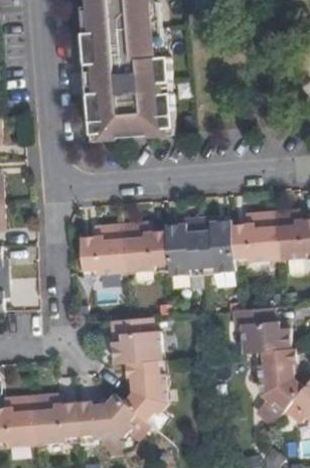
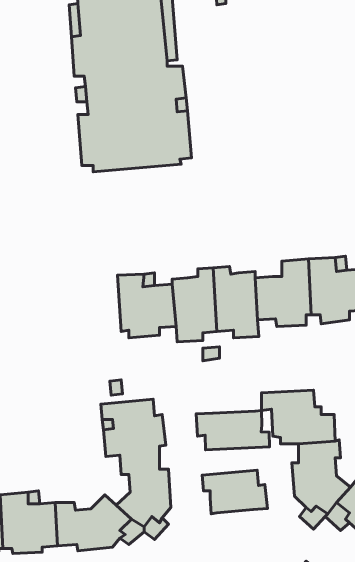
building: [79,222,123,275] -> none
building: none -> [196,411,270,450]
building: none -> [202,470,267,514]

